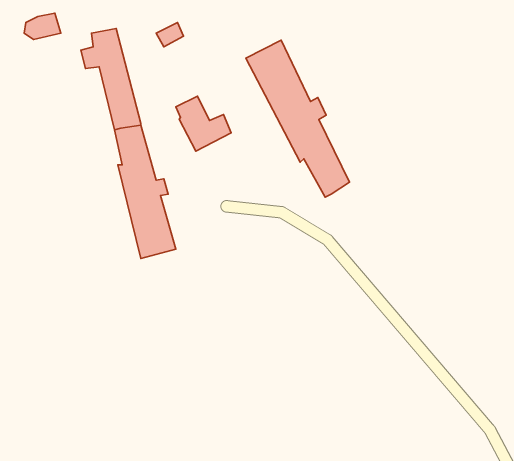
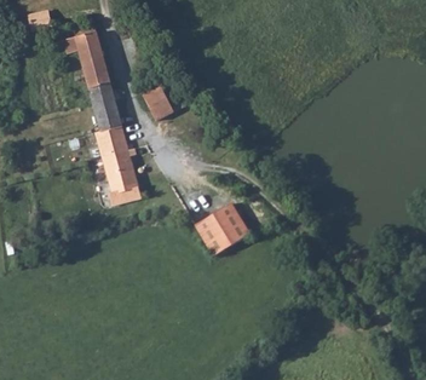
building: [246,40,350,197] -> none
building: none -> [192,202,248,254]

